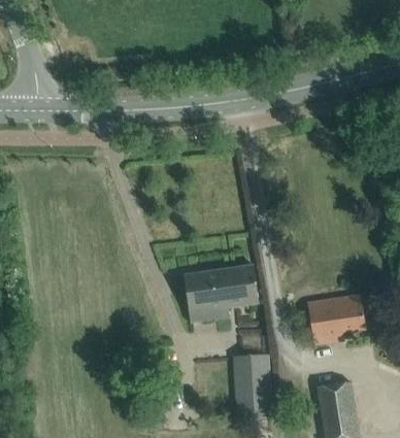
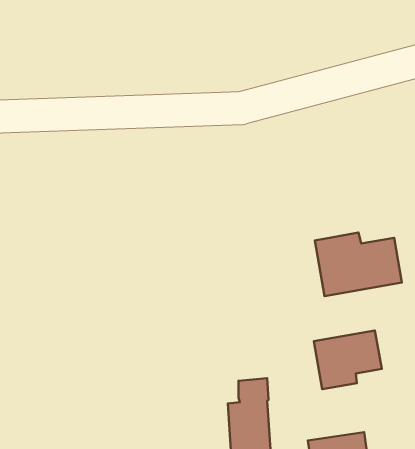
building: none -> [315,233,402,296]
building: [184,265,257,319] -> none

